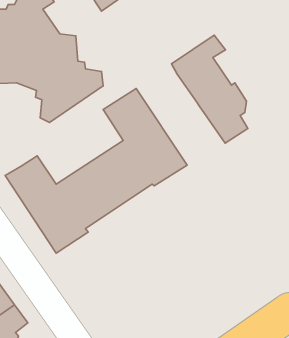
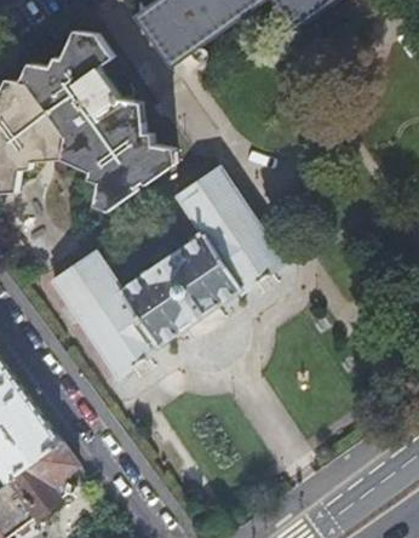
building: [171,35,248,143] -> none

